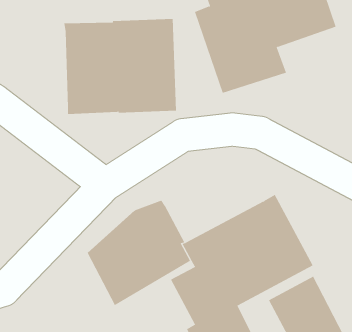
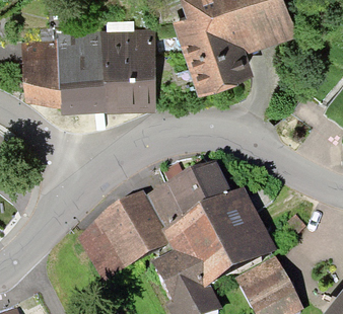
building: none -> [20,42,60,108]
building: none -> [146,158,232,227]

